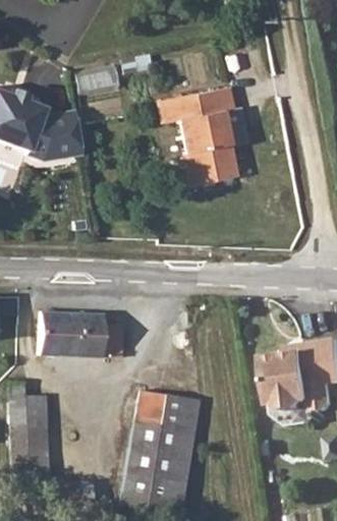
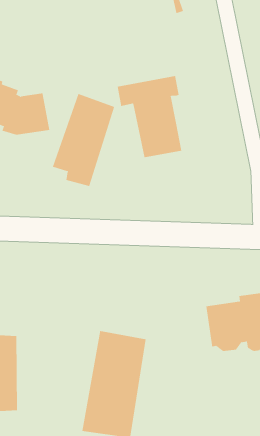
building: none -> [52,93,115,187]
building: [41,312,123,358] -> none

